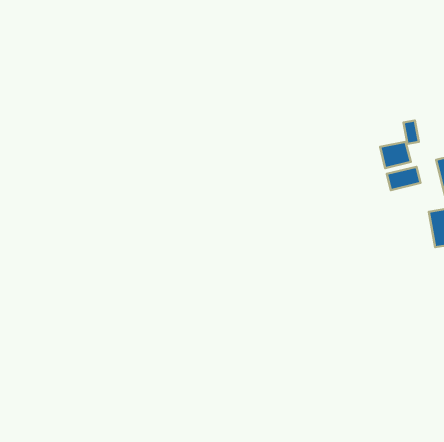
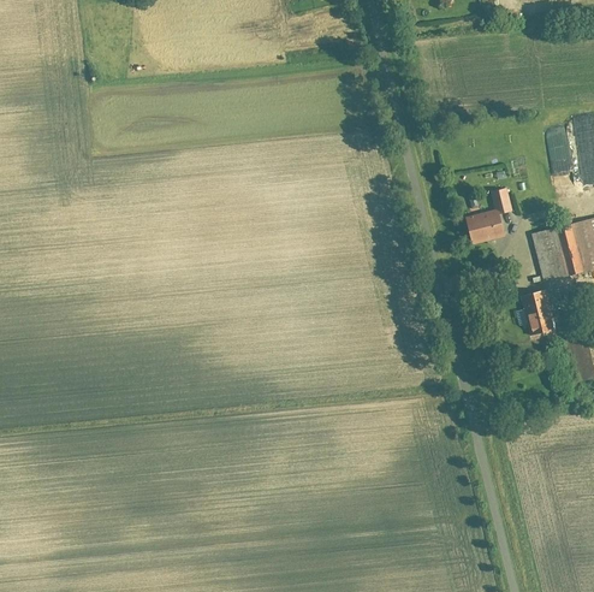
building: [387,167,421,190] -> none

